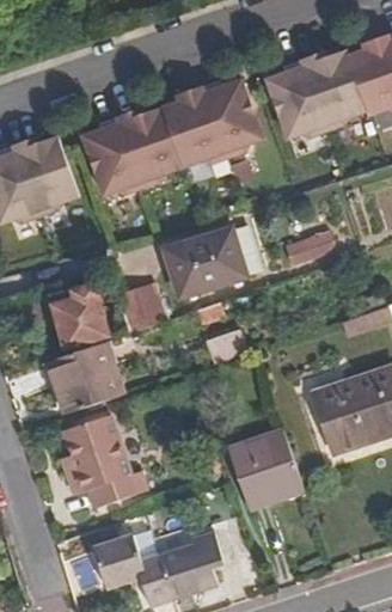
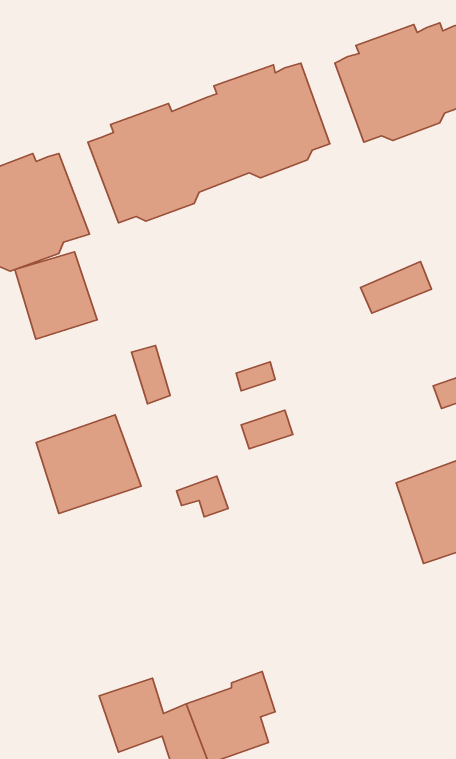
building: [163,227,246,299] -> none
building: [48,282,109,347] -> [15,252,97,339]
building: [62,414,146,507] -> none
building: [228,428,304,507] -> none

